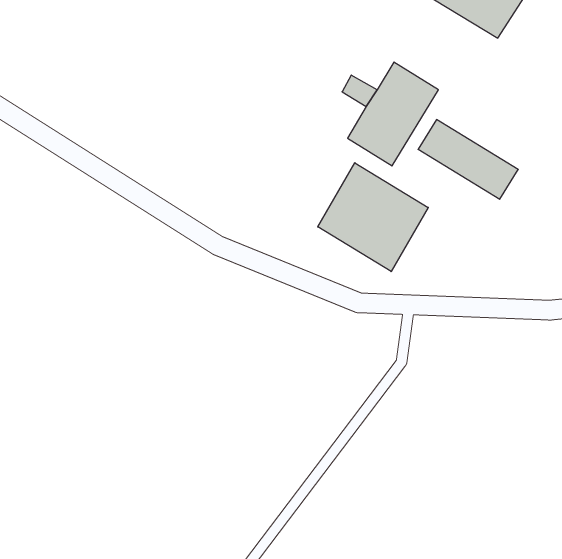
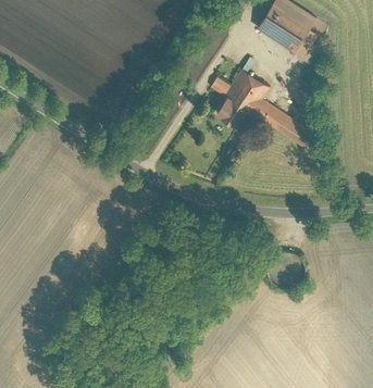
building: [318,163,428,272] -> none

